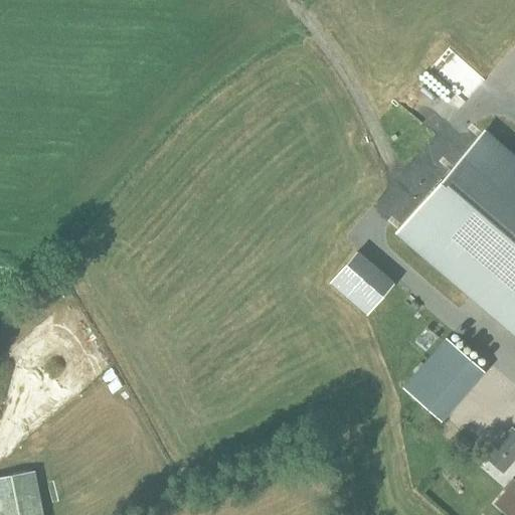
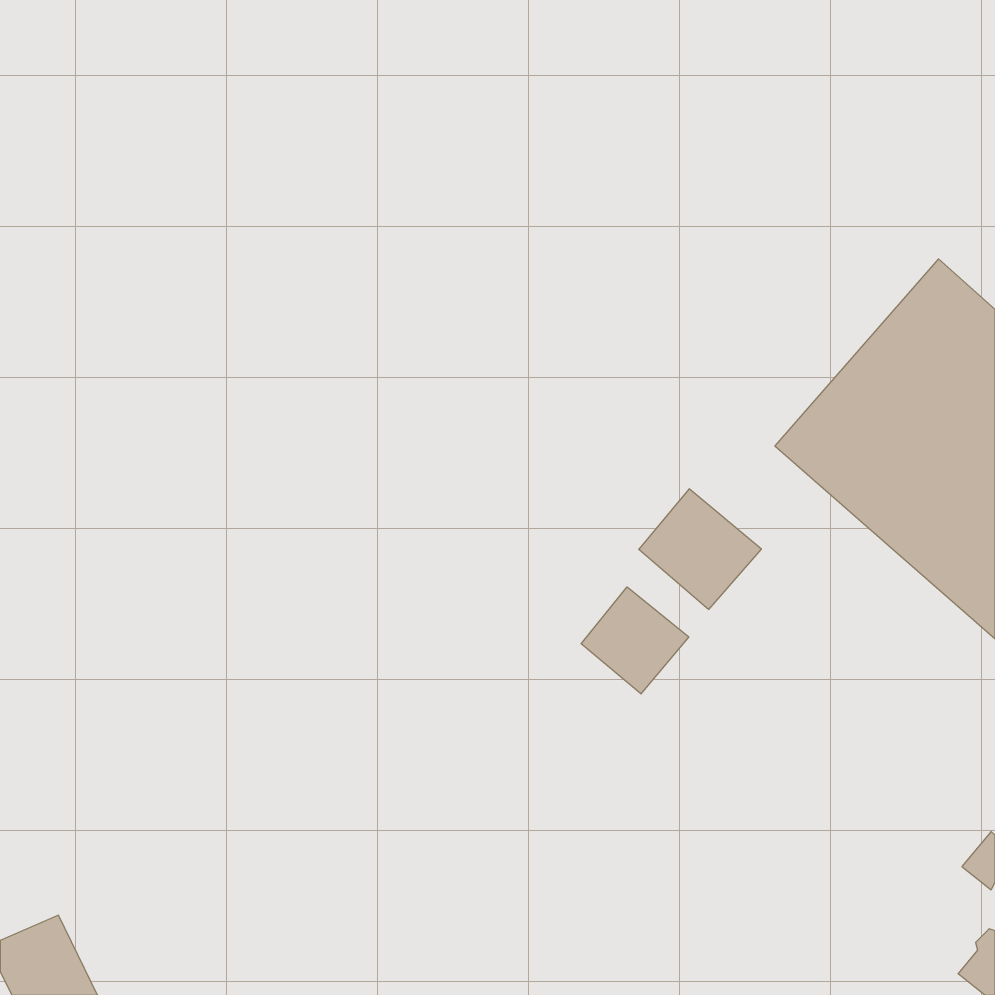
building: none -> [581,587,689,694]
building: [402,338,483,420] -> none

